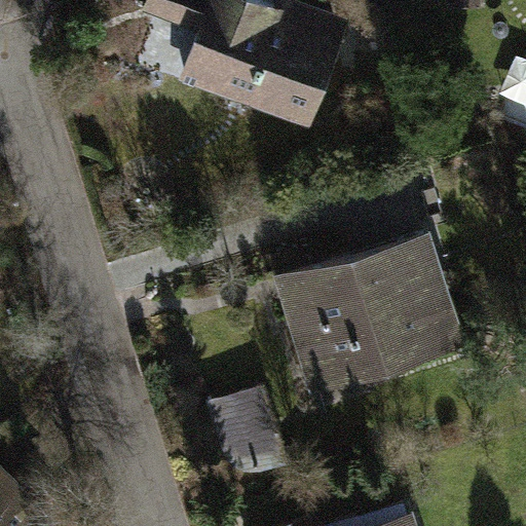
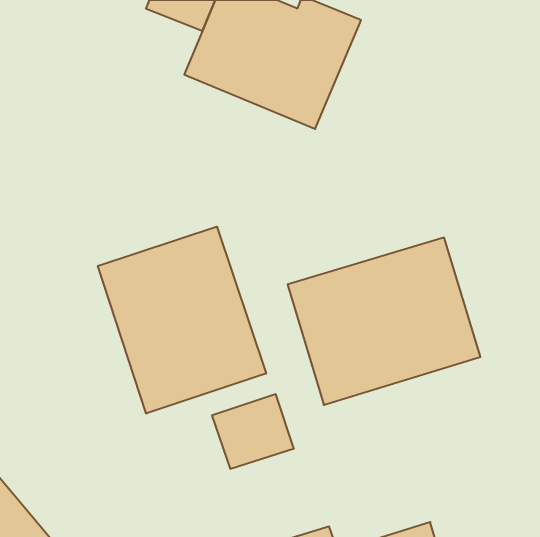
building: none -> [98,227,266,414]

